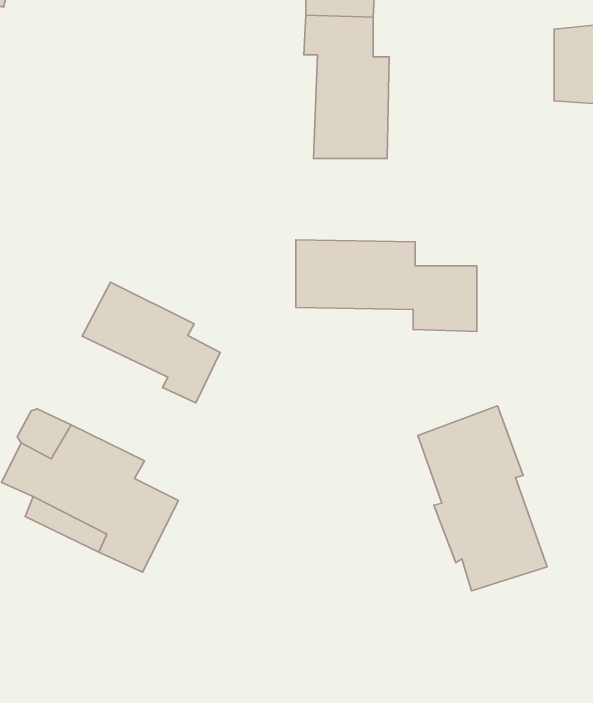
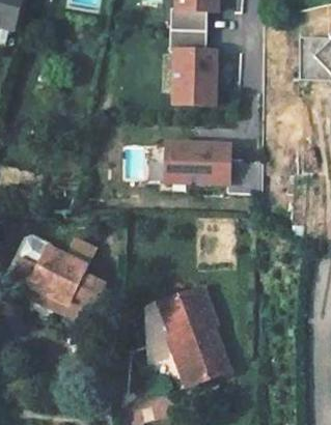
building: [82,282,220,403] -> none
building: [418,406,547,591] -> [160,285,227,381]

